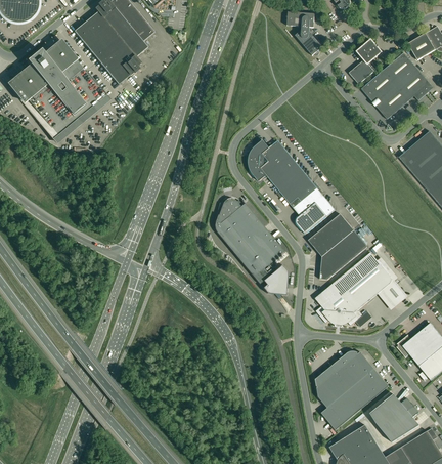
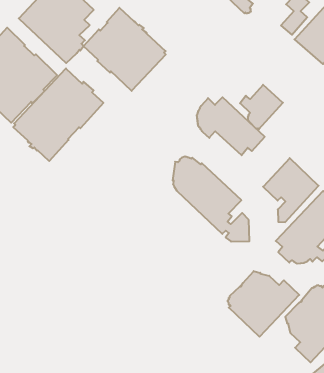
building: none -> [84,8,166,91]
building: none -> [13,68,103,161]
building: [290,187,335,234] -> [240,85,283,129]
building: none -> [228,271,299,337]

